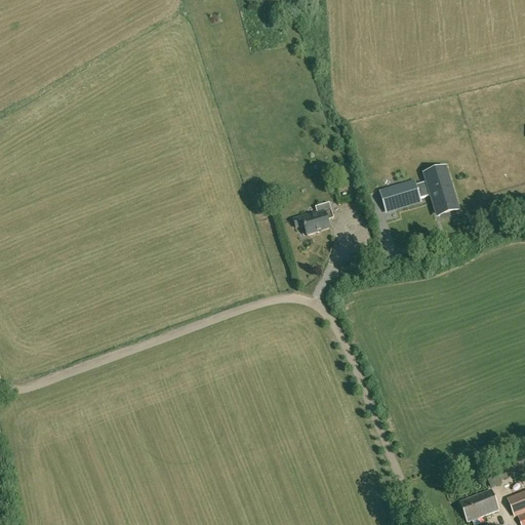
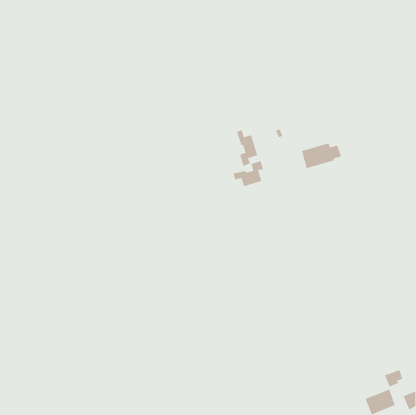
building: none -> [236,129,258,167]
building: [422,165,458,211] -> none

